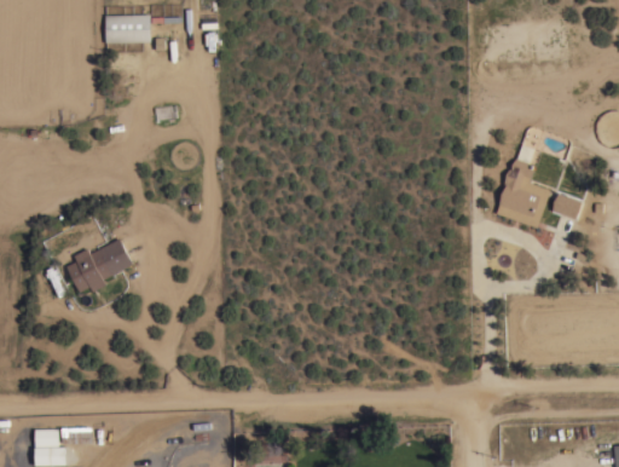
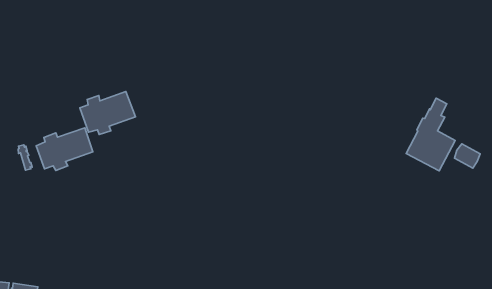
building: none -> [80,92,135,135]

